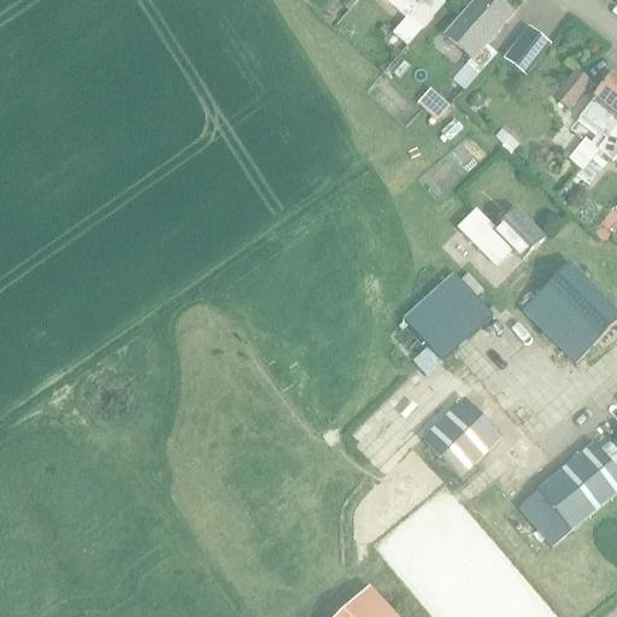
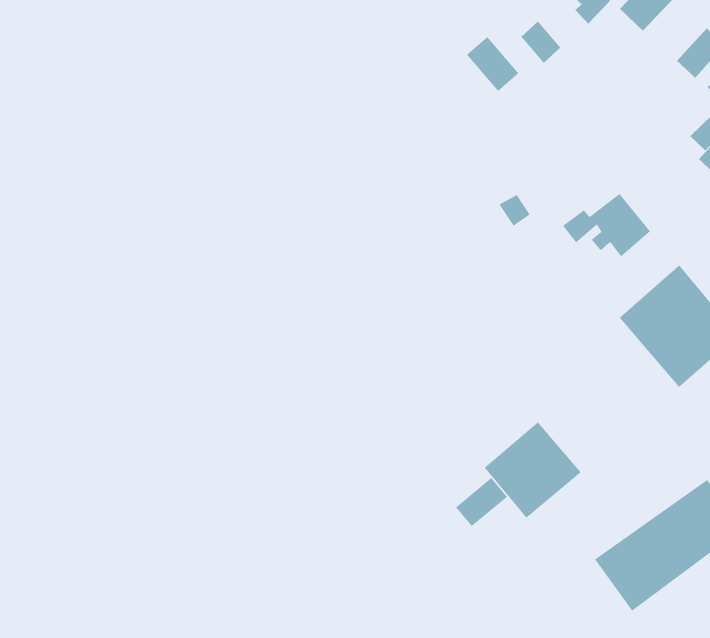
building: none -> [466,36,519,92]
building: [404,271,492,359] -> none
building: none -> [455,477,508,527]

